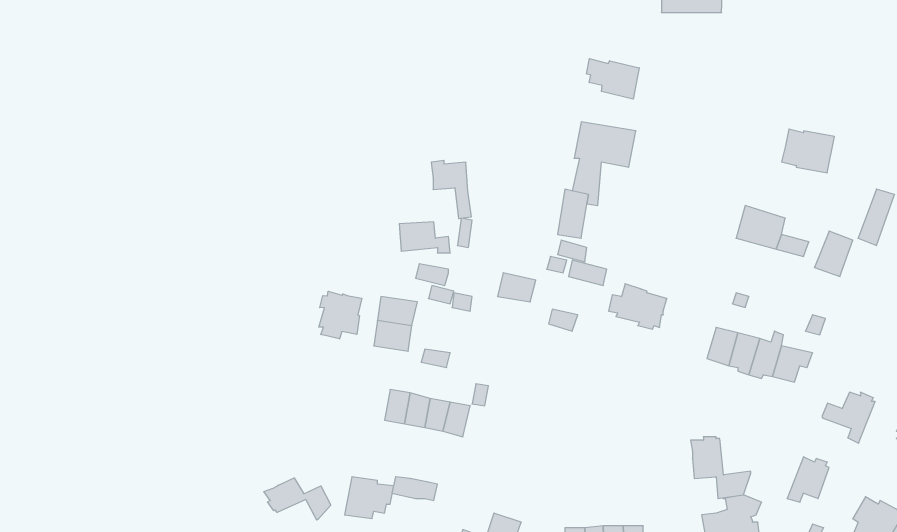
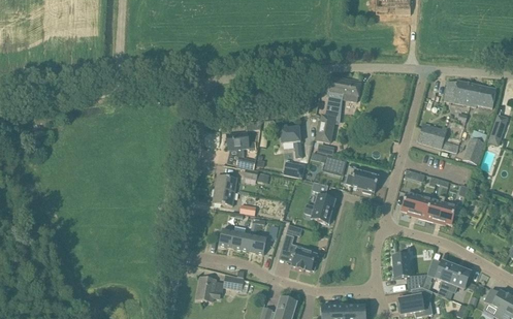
building: [587,59,639,99] -> none
building: none -> [470,84,496,107]
building: [431,160,471,219] -> [280,125,302,158]
building: [319,291,362,339] -> none
building: none -> [304,195,334,223]
building: [822,392,875,443] -> [426,260,456,289]
building: none -> [282,233,317,270]
building: [264,478,331,520] -> none

